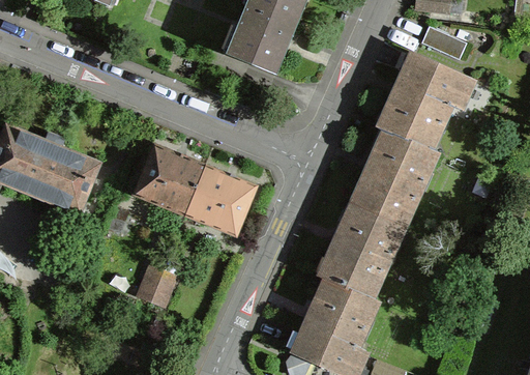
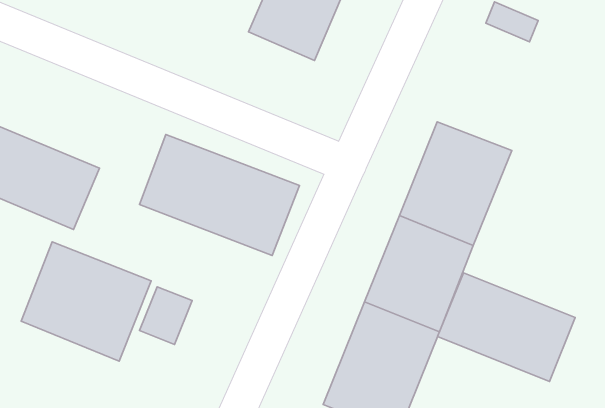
building: [378,49,470,149] -> none
building: none -> [21,242,151,361]
building: none -> [438,273,575,381]

